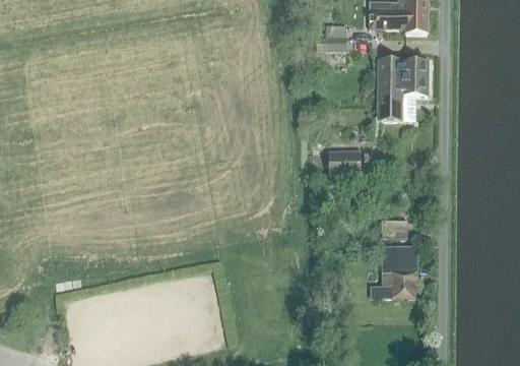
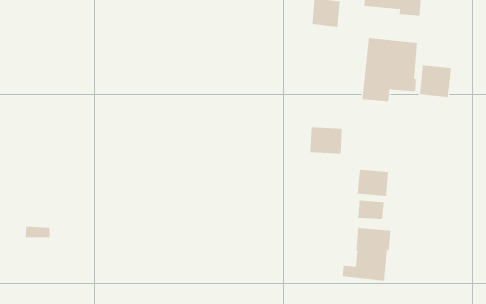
building: none -> [419,64,451,98]
building: none -> [357,169,389,197]

